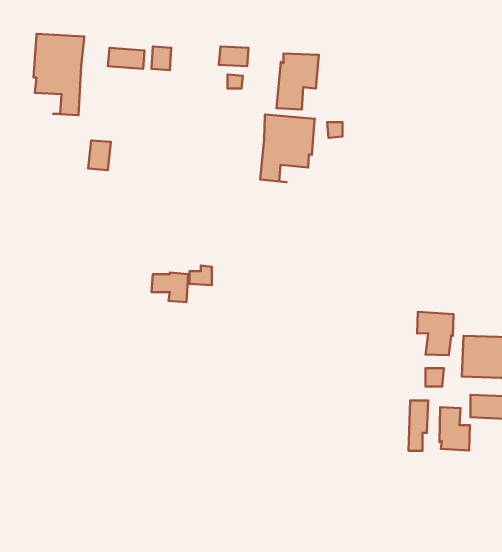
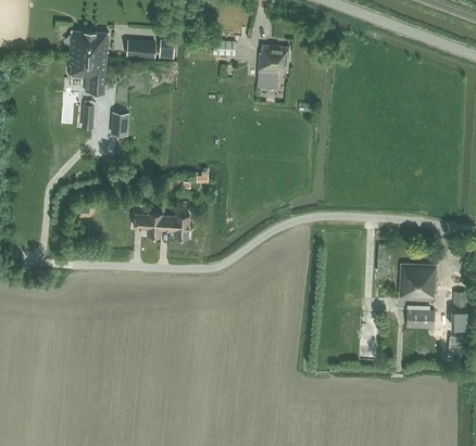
building: [260,115,315,182] -> none
building: none -> [134,214,161,237]
building: [417,312,454,355] -> none
building: [439,407,470,451] -> none

